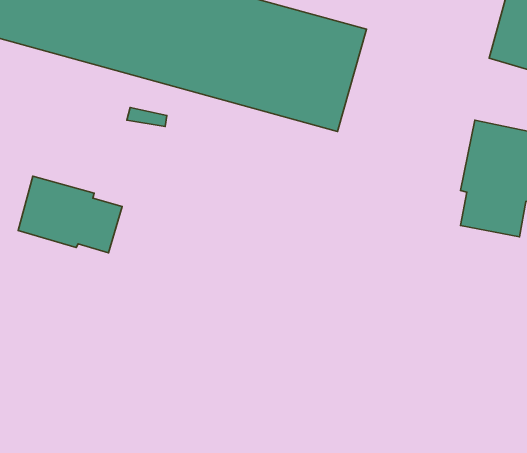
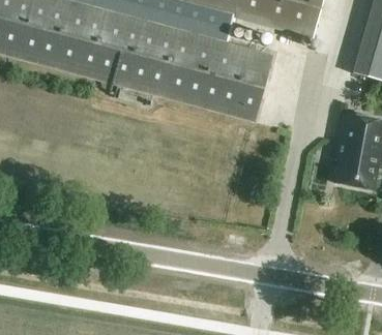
building: [18,176,122,253] -> none

